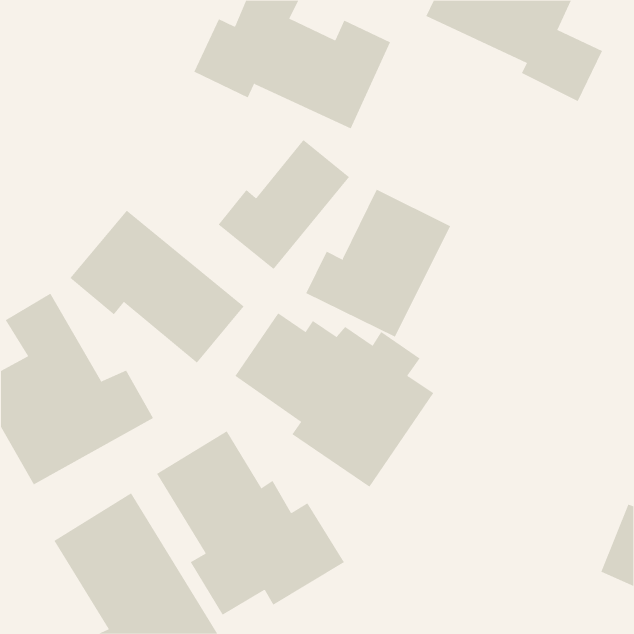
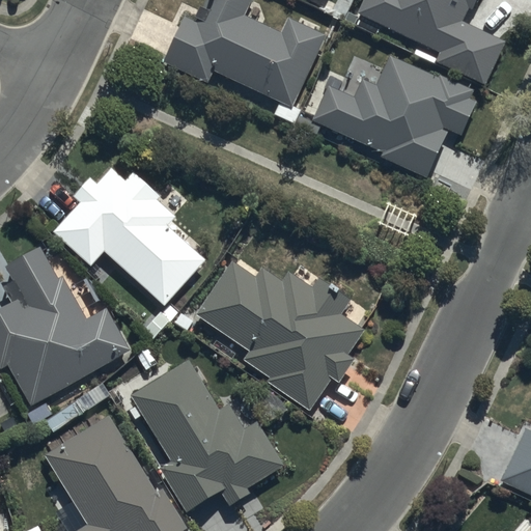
building: none -> [312,53,480,177]
building: [218,139,350,270] -> none
building: [306,189,451,337] -> none

